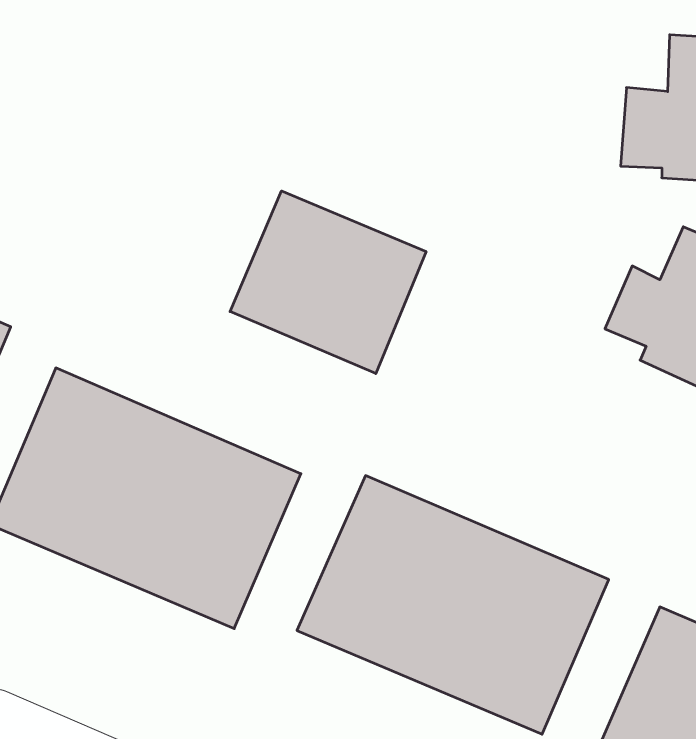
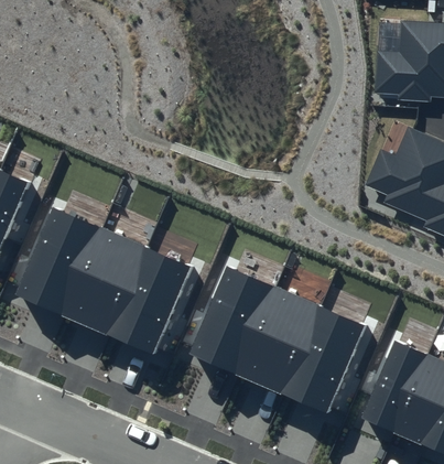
building: [230,191,426,374] -> none

